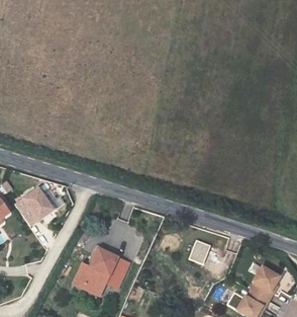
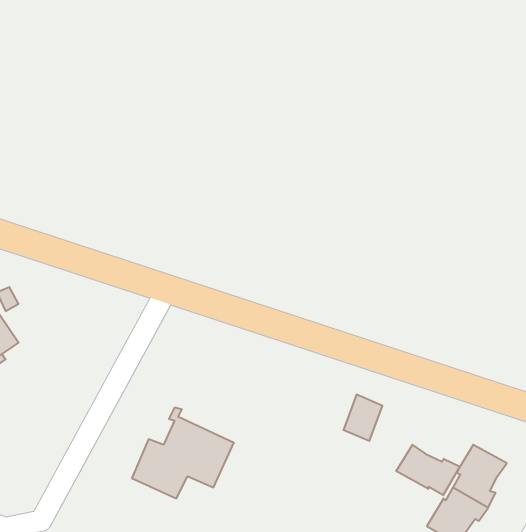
building: [18,186,56,224] -> none
building: none -> [396,445,460,495]

